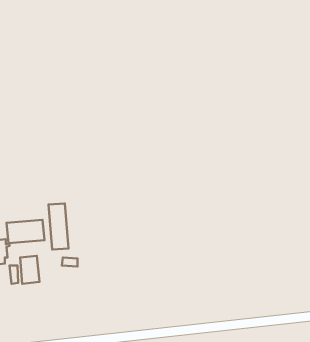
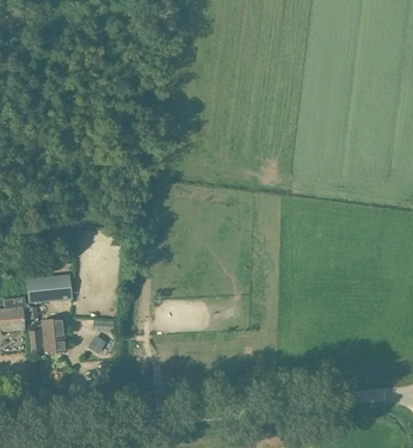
building: [49,203,68,250] -> none

